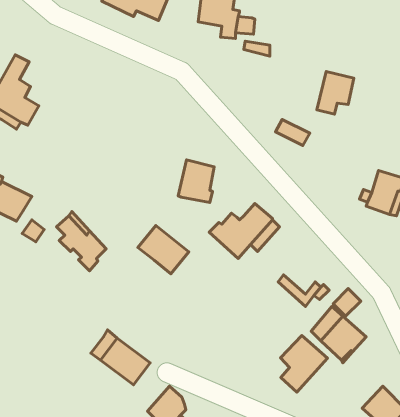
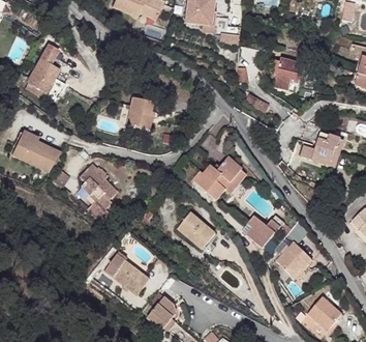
building: [178,160,214,203] -> [127,96,154,129]
building: [138,226,189,274] -> [177,211,215,248]
building: [281,336,327,392] -> none

